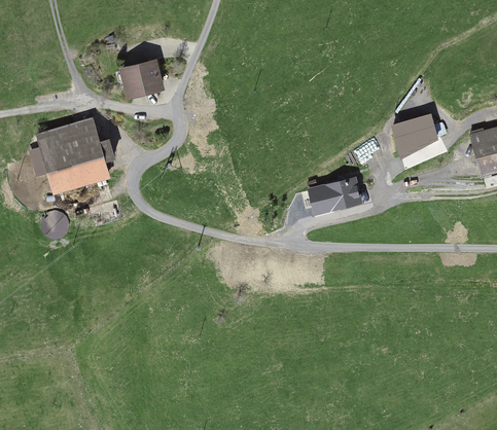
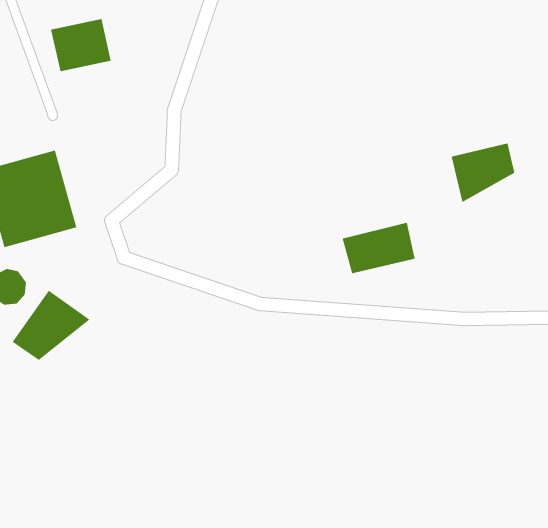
building: [118,60,165,100] -> [50,18,112,72]
building: none -> [12,290,91,361]

